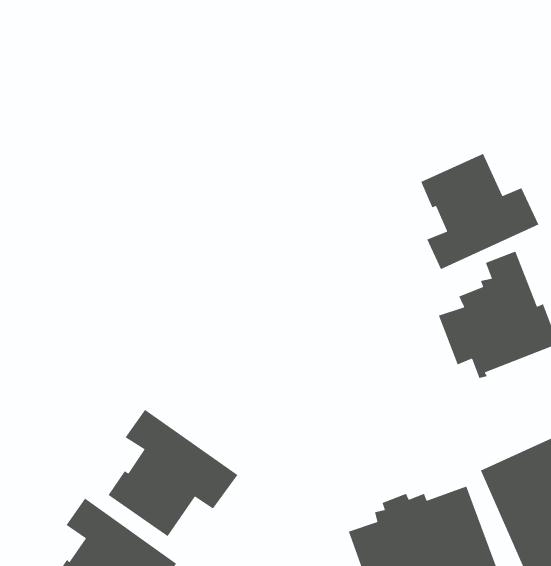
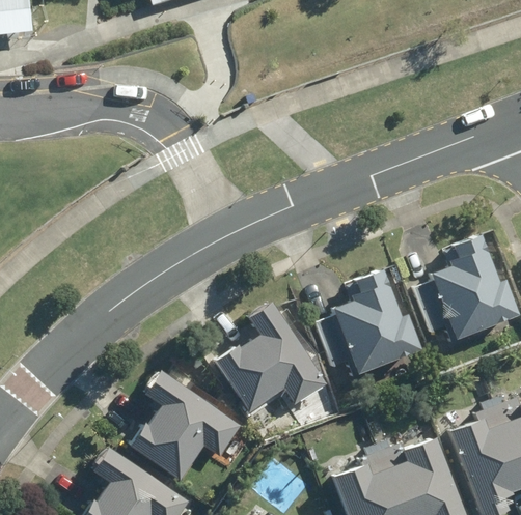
building: [420,153,540,270] -> none
building: none -> [316,269,420,380]
building: none -> [215,303,325,412]

